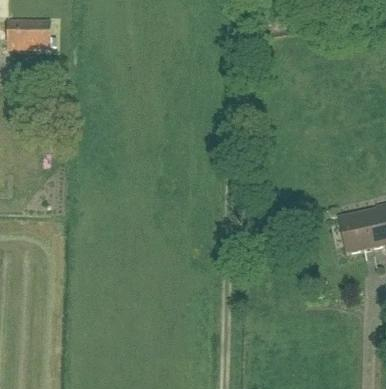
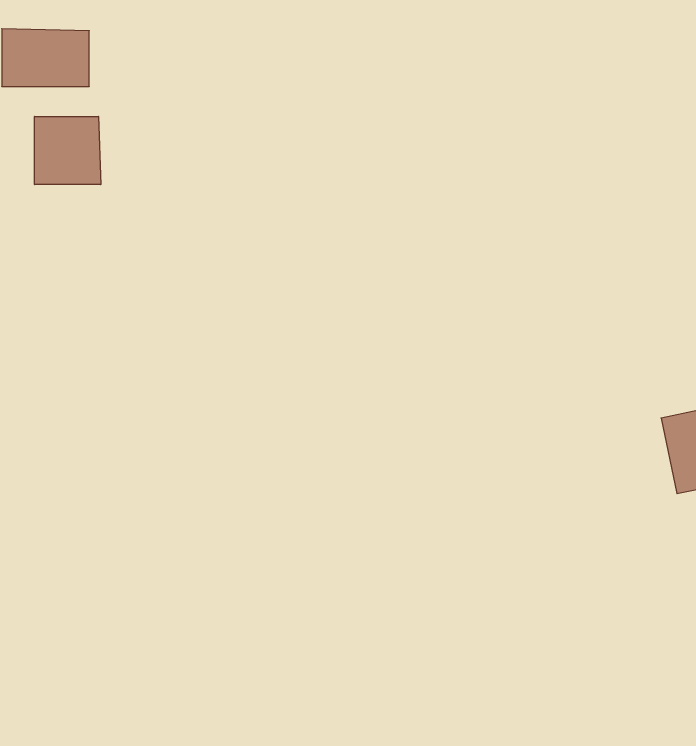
building: none -> [35,116,101,185]

